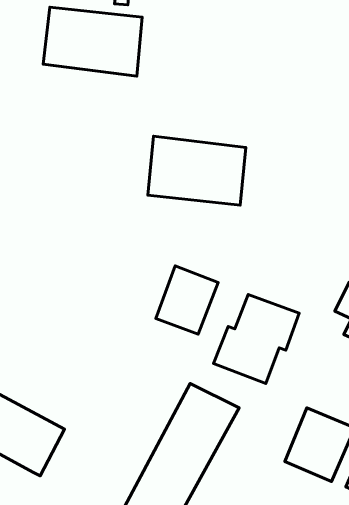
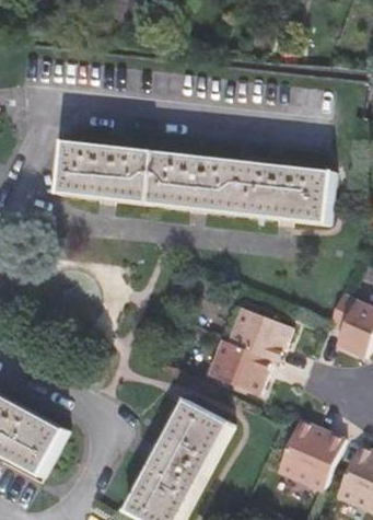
building: [43,7,142,76] -> [55,138,152,206]
building: none -> [237,159,330,224]
building: [156,266,218,334] -> none

